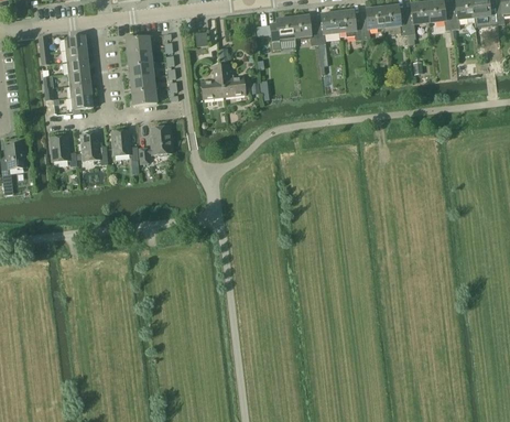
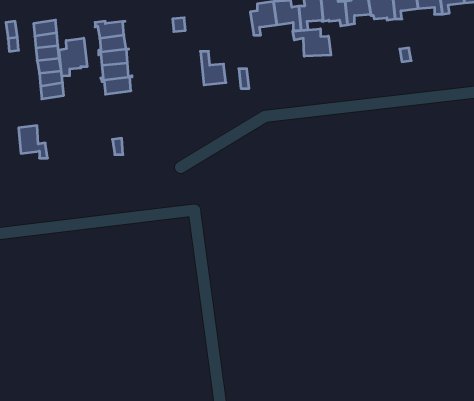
building: none -> [293,29,331,56]
building: none -> [59,38,87,76]
building: [203,63,226,97] -> none
building: [151,125,172,154] -> none
building: [111,128,138,159] -> none
building: [80,131,108,163] -> none

